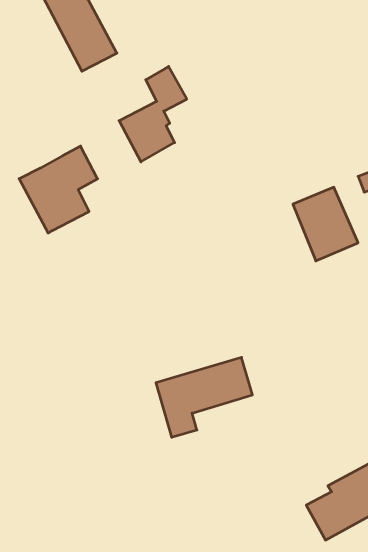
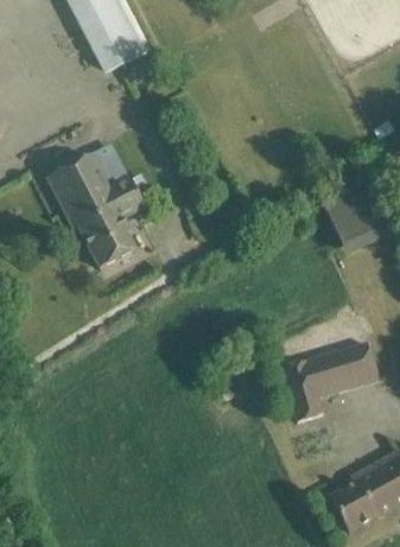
building: [119,66,187,162] -> [80,174,146,268]
building: [156,357,252,437] -> [282,341,377,419]

